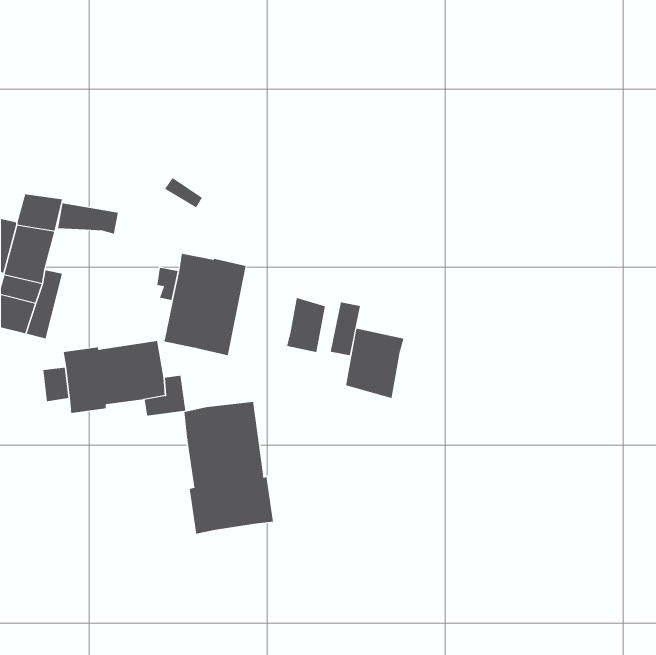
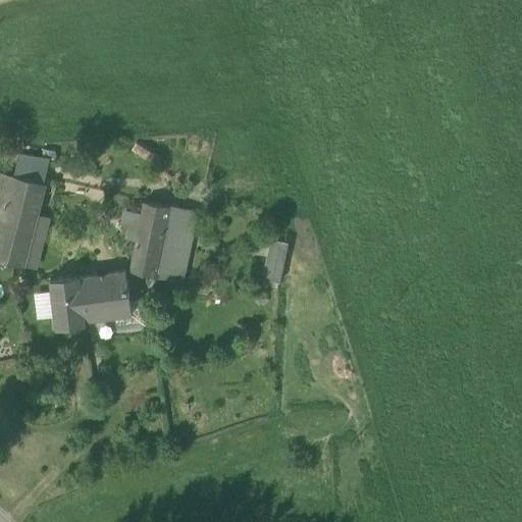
building: [58,203,118,235] -> none
building: [286,297,326,353] -> none
building: [345,328,404,399] -> none
building: [184,401,273,535] -> none

